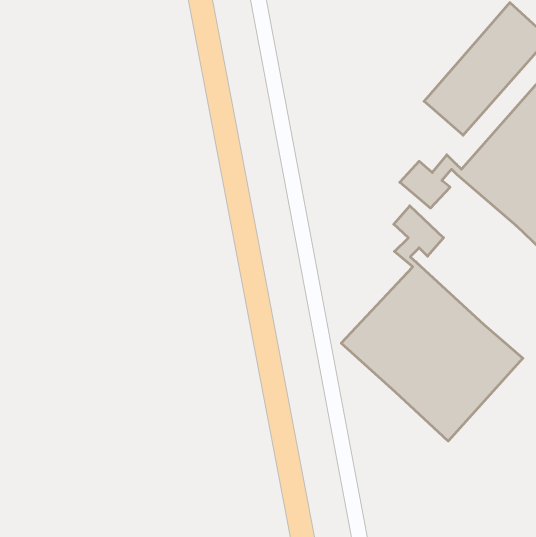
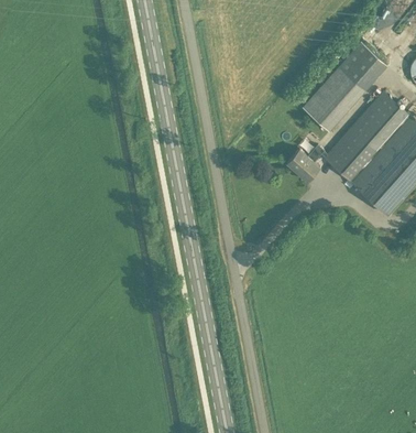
building: [341,206,523,441] -> none

